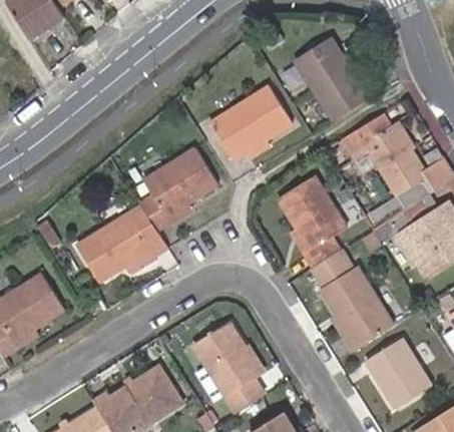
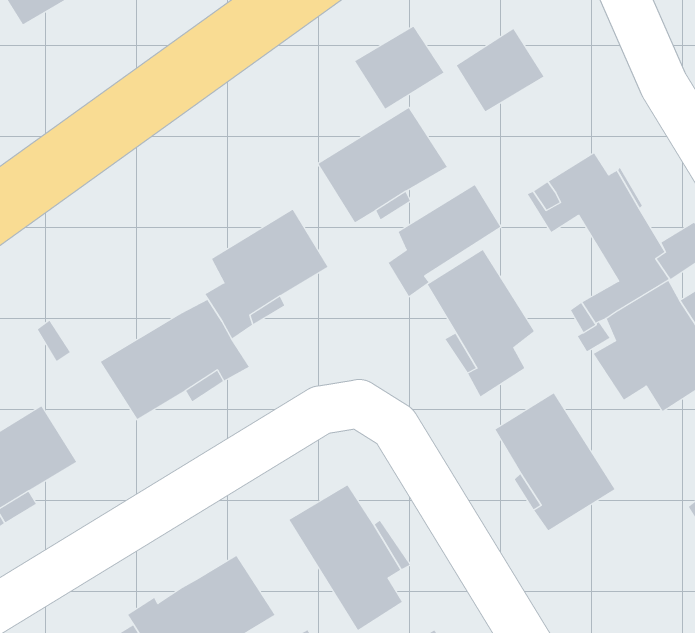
building: [315,68,371,120] -> [354,26,444,110]
building: none -> [388,184,501,297]
building: [365,338,434,410] -> none

